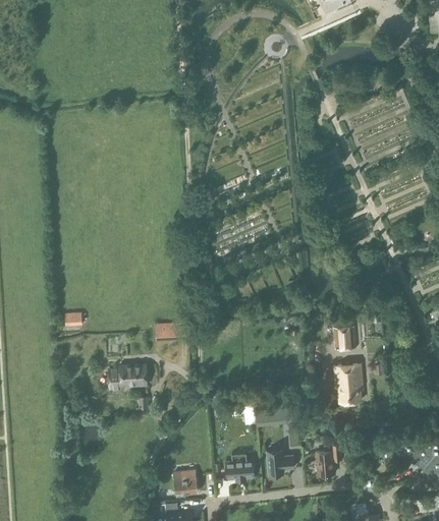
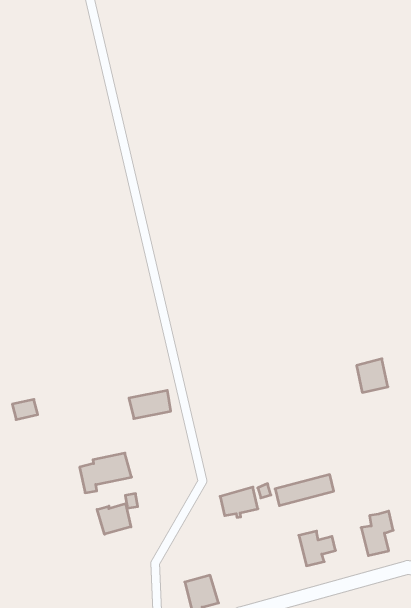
building: [334,363,363,402] -> none
building: none -> [97,504,131,534]
building: [226,458,254,479] -> [220,487,258,517]

